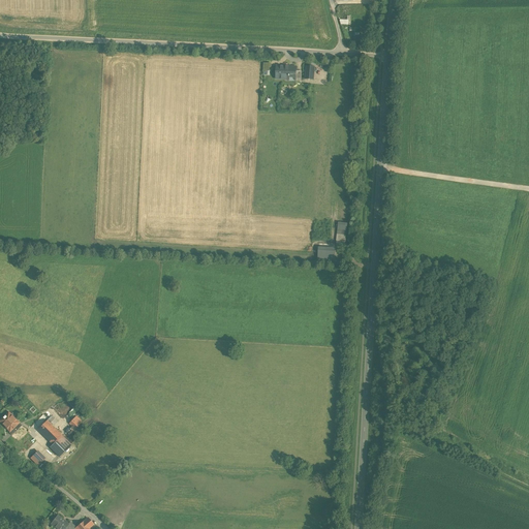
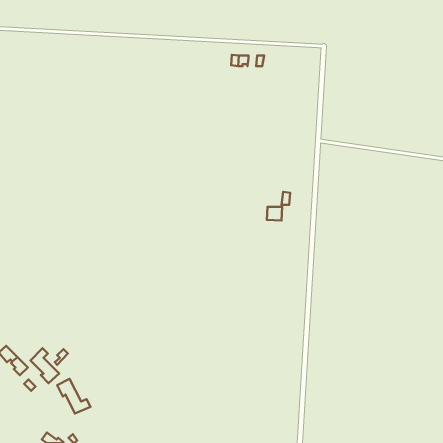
building: none -> [57,379,90,413]

